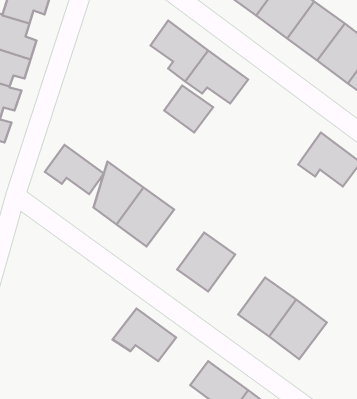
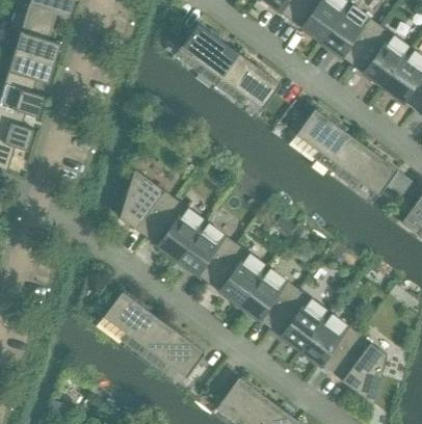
building: [164,85,213,132] -> none
building: none -> [296,109,357,173]
building: [45,145,104,194] -> none
building: none -> [175,219,235,282]
building: none -> [239,266,298,328]
building: none -> [103,291,164,354]
building: none -> [334,337,388,403]

